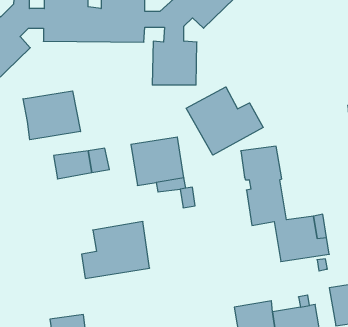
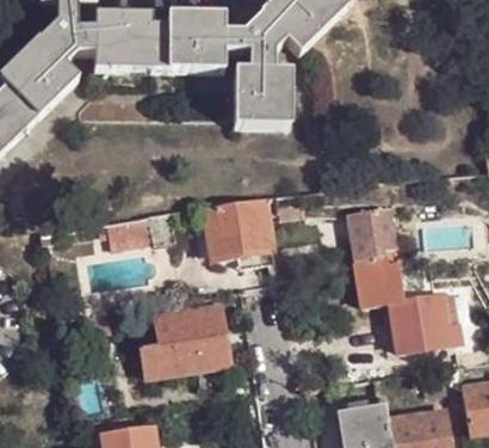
building: [186,87,263,155] -> none
building: [23,91,80,140] -> none

